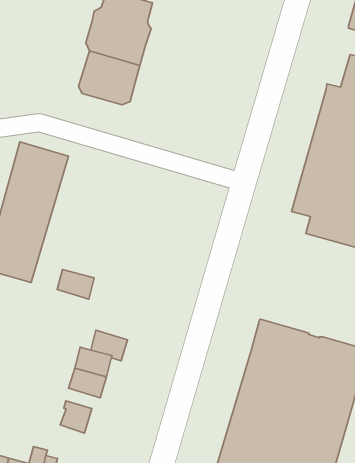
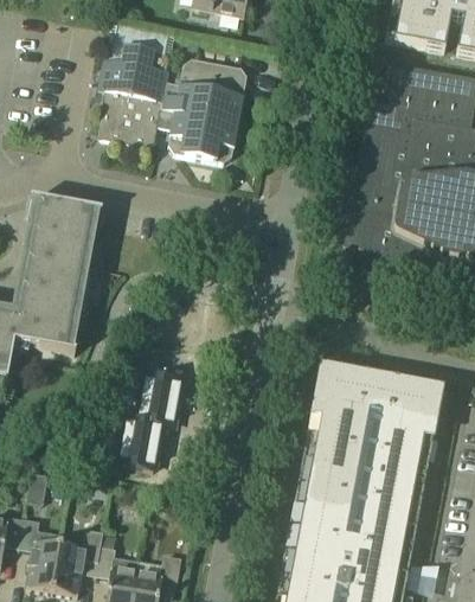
building: none -> [159,56,248,160]
building: [57,269,94,299] -> [142,371,181,401]
building: [60,401,92,433] -> none

